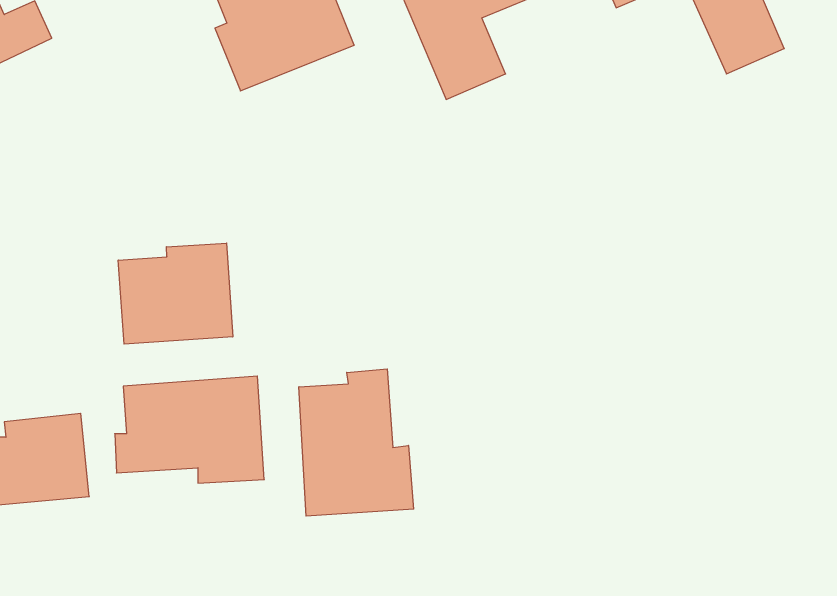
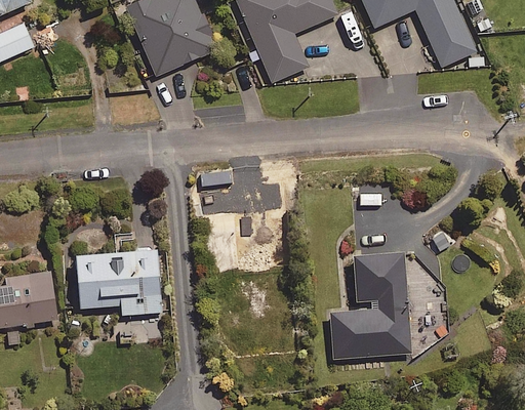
building: [118,243,233,344] -> none
building: [299,369,414,516] -> none
building: none -> [330,253,412,359]

